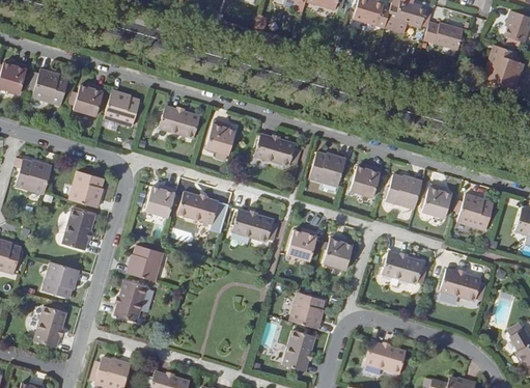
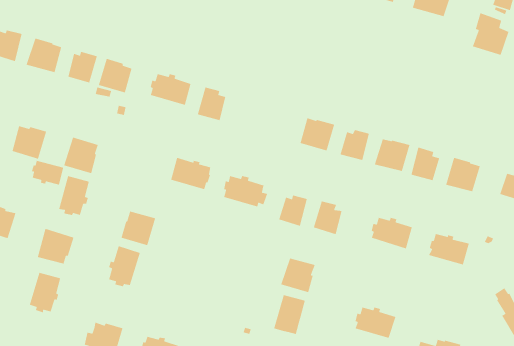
building: [253,132,297,166] -> none
building: [146,184,177,217] -> none
building: none -> [31,160,64,185]

